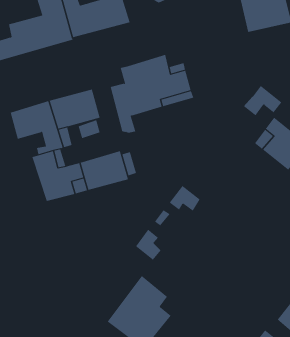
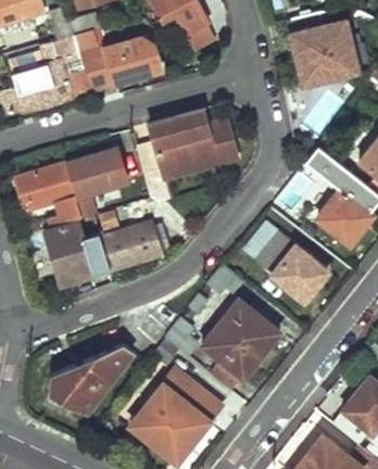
building: none -> [244,225,327,302]
building: none -> [202,300,280,392]
building: none -> [49,345,134,415]

